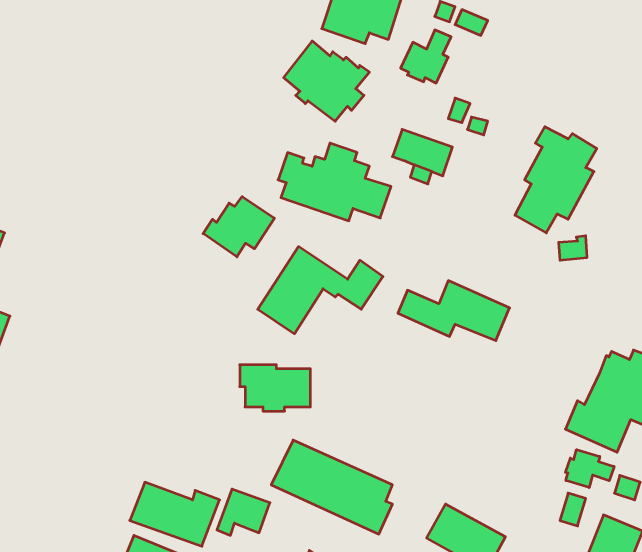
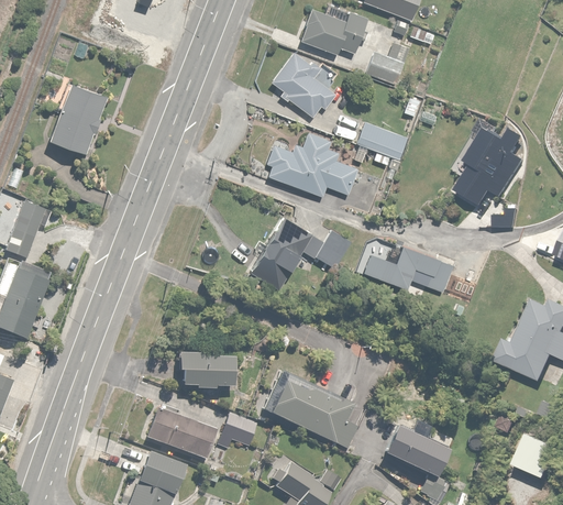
building: none -> [48,81,109,154]
building: [203,197,274,257] -> none
building: [240,365,310,411] -> [178,353,235,391]
building: [565,450,614,488] -> none

